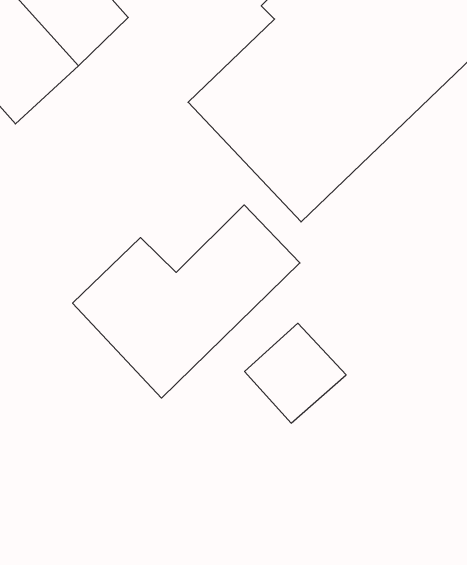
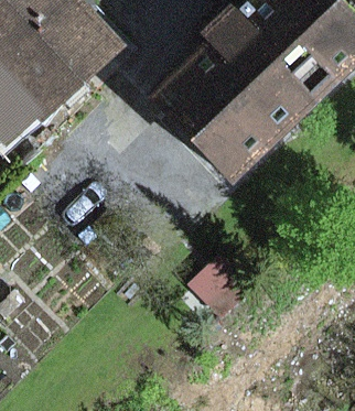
building: [73,205,300,398] -> none

